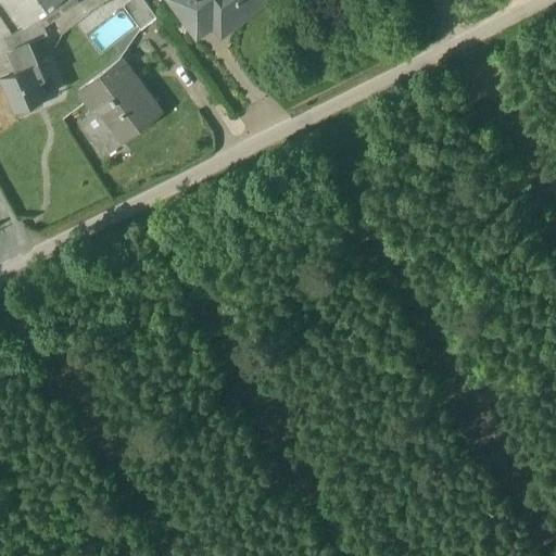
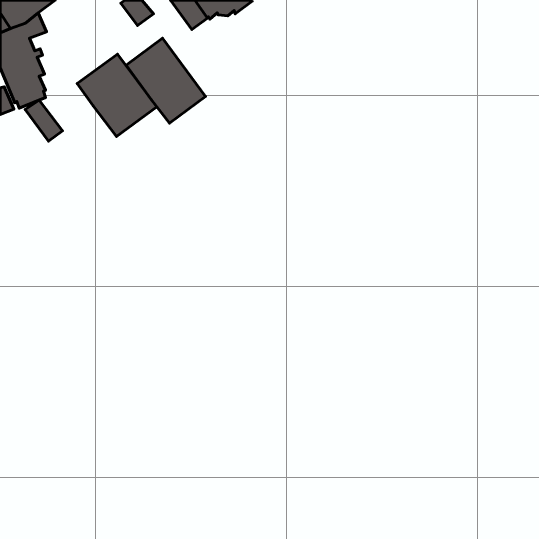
building: none -> [126,38,206,123]
building: [84,111,122,153] -> [25,100,62,141]

